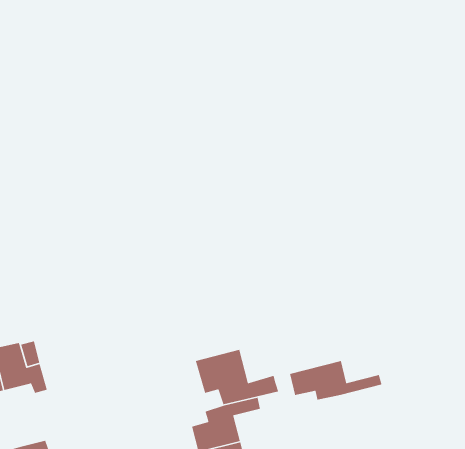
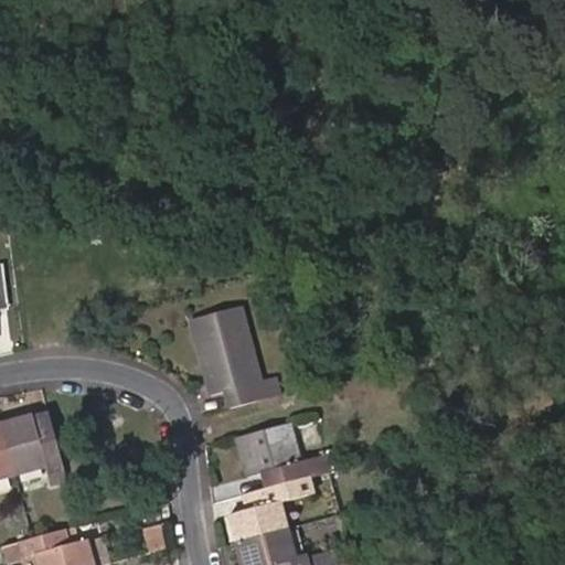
building: none -> [190,306,279,407]
building: [289,360,382,401] -> none

